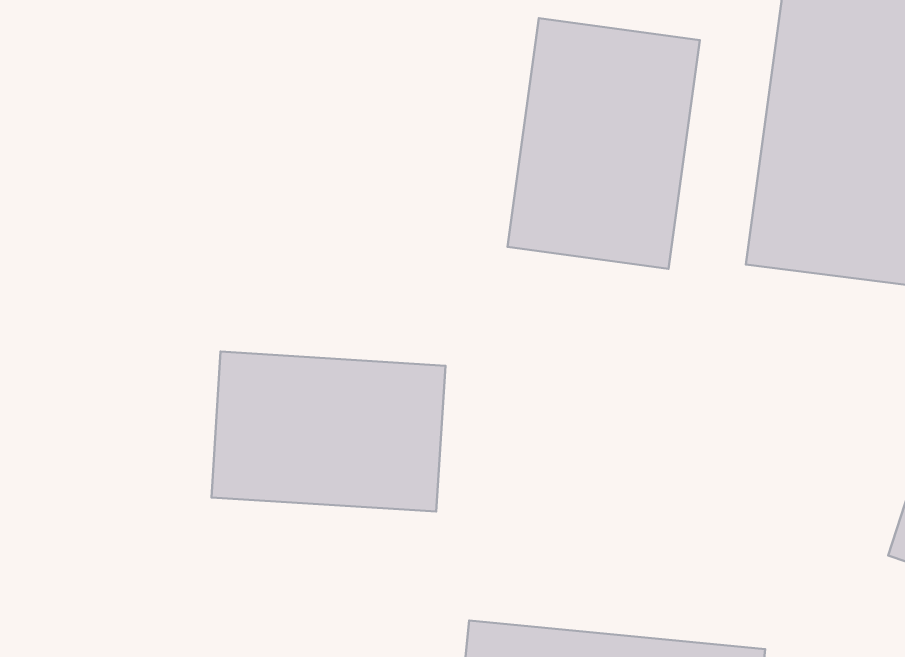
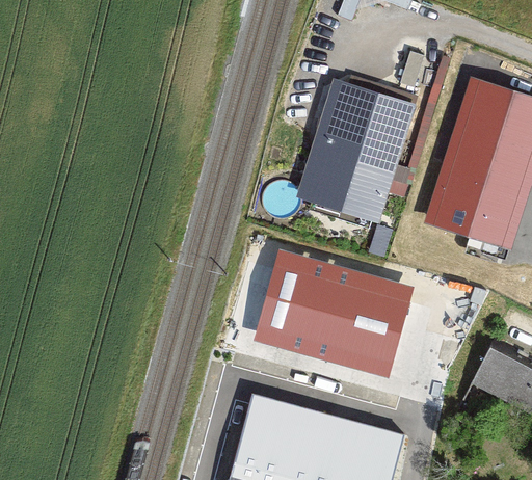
building: [212,352,445,512] -> none
building: none -> [255,251,411,374]

